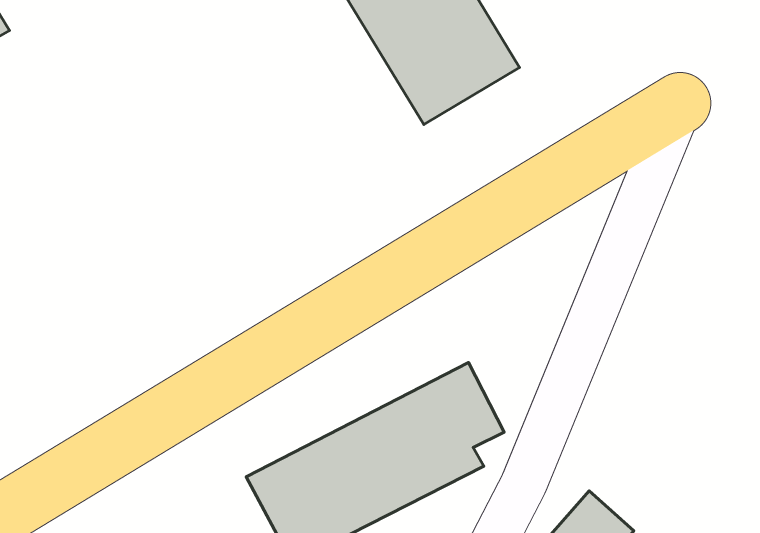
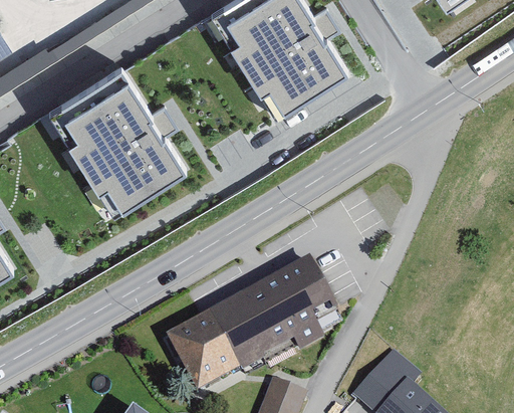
building: none -> [59,68,182,205]

